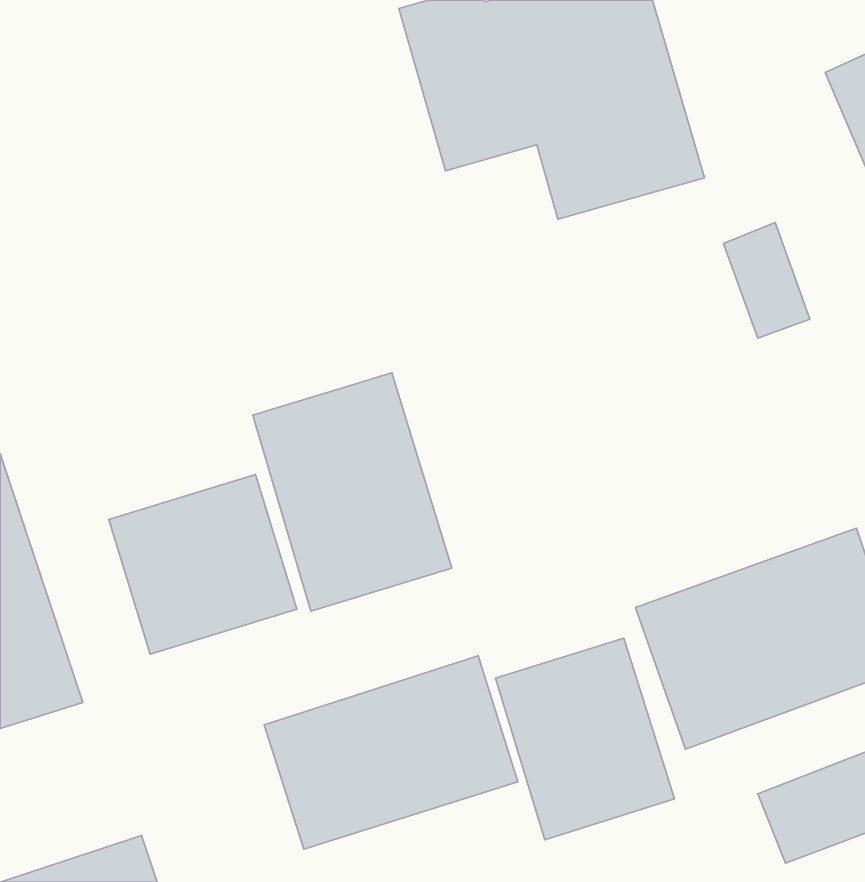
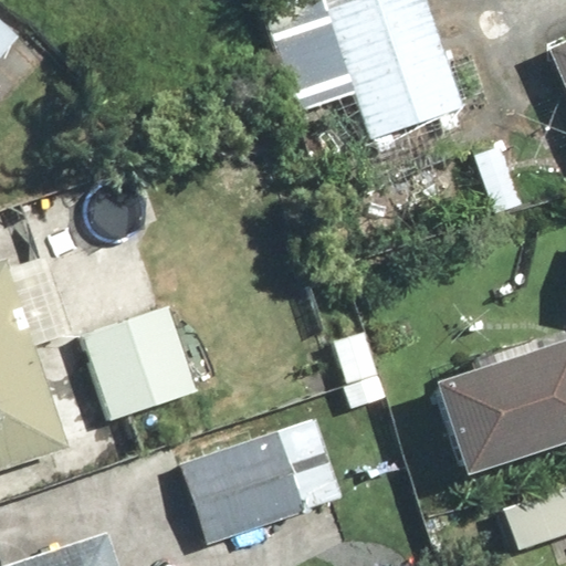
building: [253,373,452,611] -> none
building: [495,638,675,840] -> none

